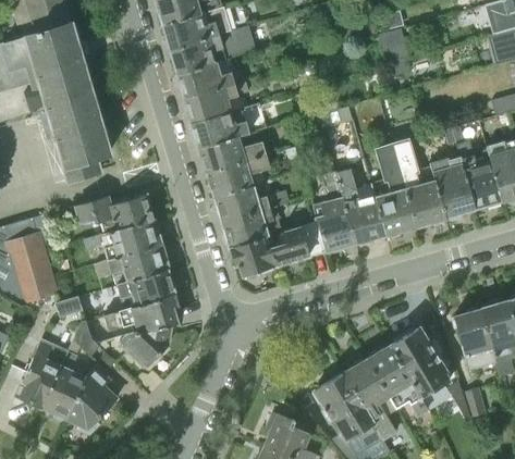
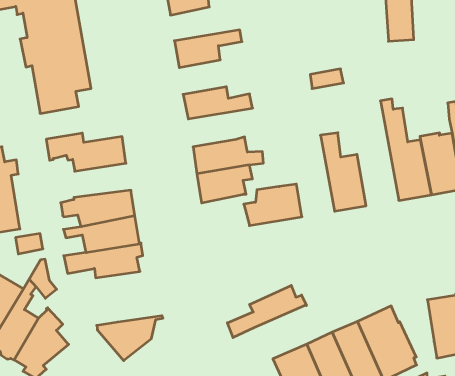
building: [179,61,246,98] -> none
building: [193,111,258,148] -> none
building: [371,133,416,234] -> none
building: [207,153,271,197] -> none
building: [314,172,356,251] -> none
building: [83,219,160,258] -> none
building: [229,236,277,275] -> none
building: none -> [227,285,306,338]
building: [117,321,179,368] -> [97,316,163,361]

